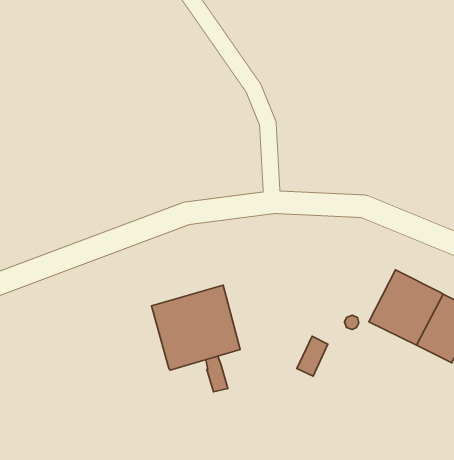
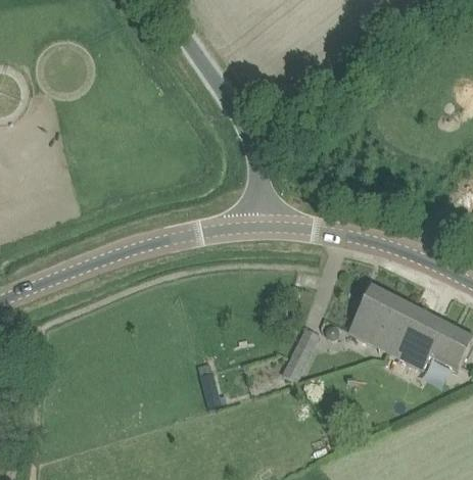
building: [152,285,240,370] -> none

